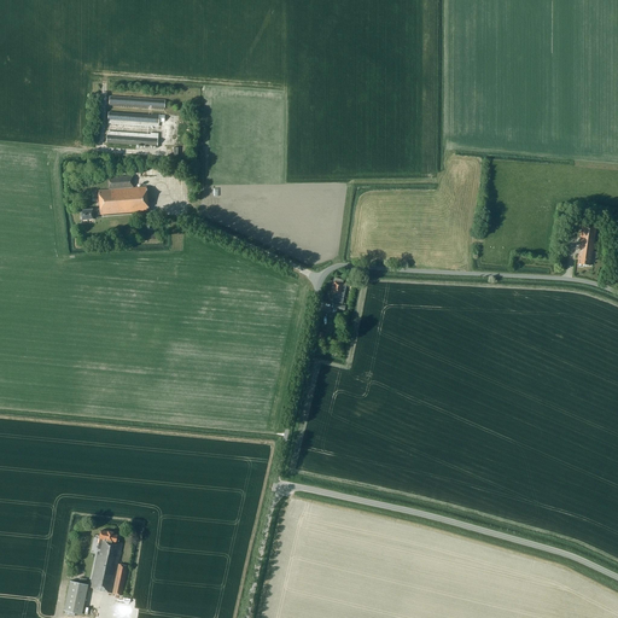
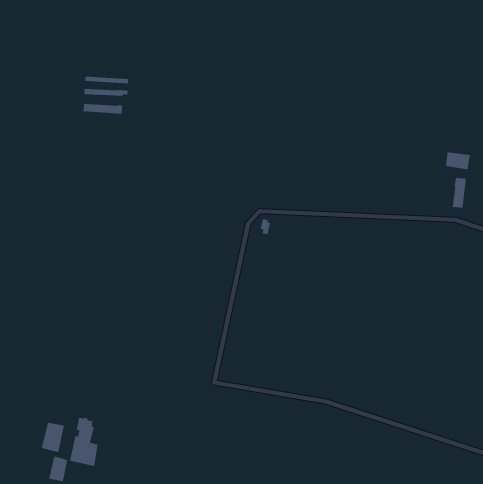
building: [80,175,147,220] -> none
building: none -> [445,151,471,170]
building: none -> [41,422,65,453]

